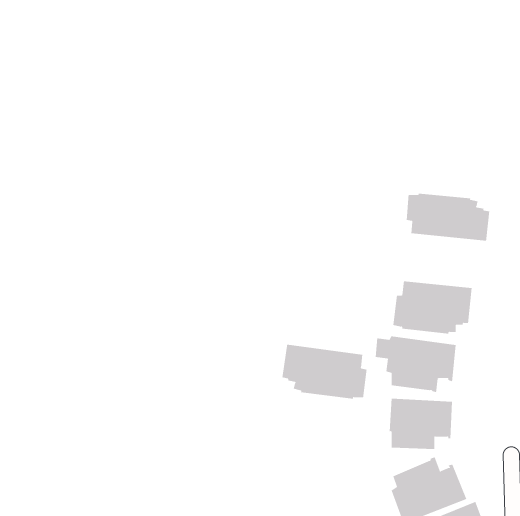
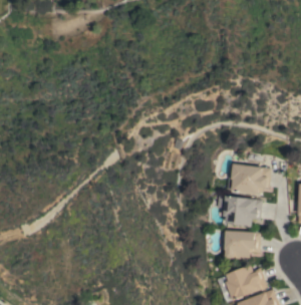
building: [406,193,490,242] -> none
building: [282,344,367,399] -> none

